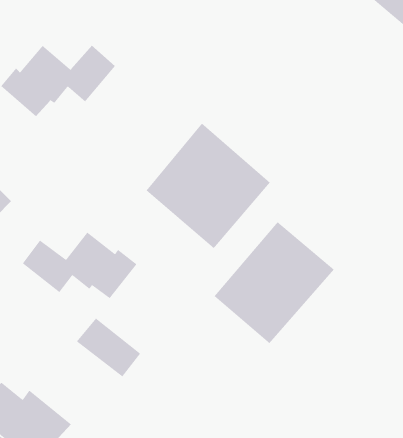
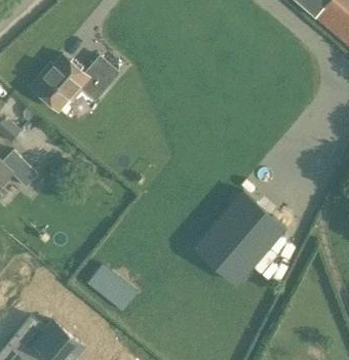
building: [145,123,271,249] -> none
building: [22,231,137,299] -> none

